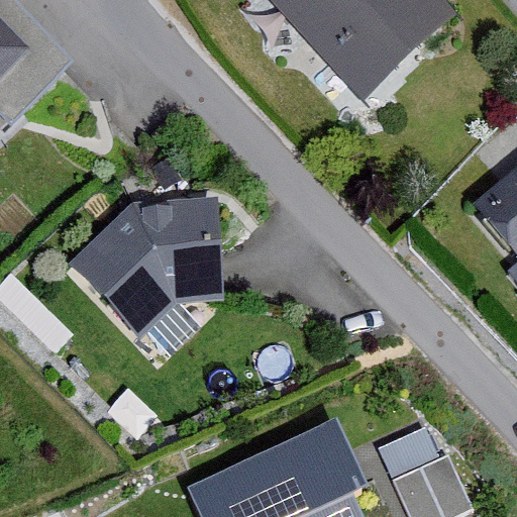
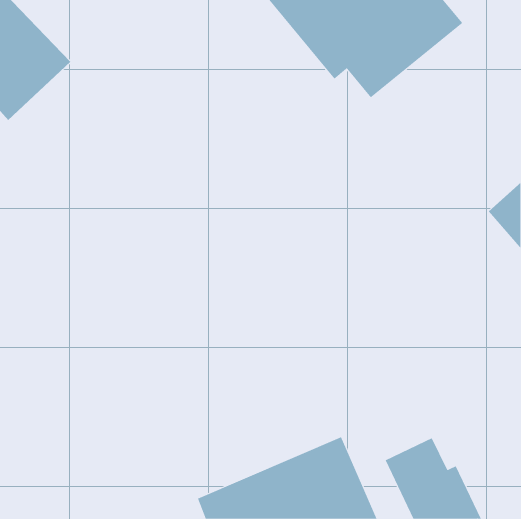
building: [66,198,221,336] -> none

